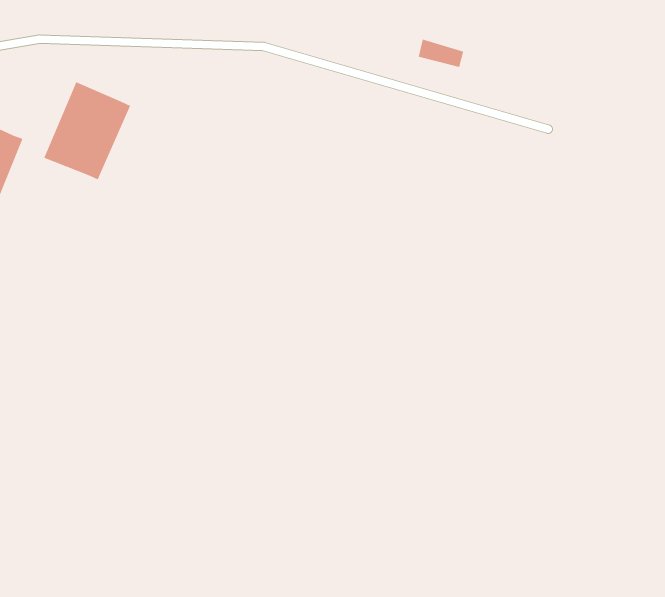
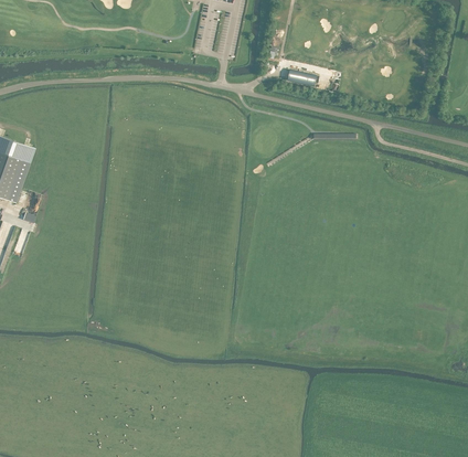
building: [43,81,131,180] -> none

